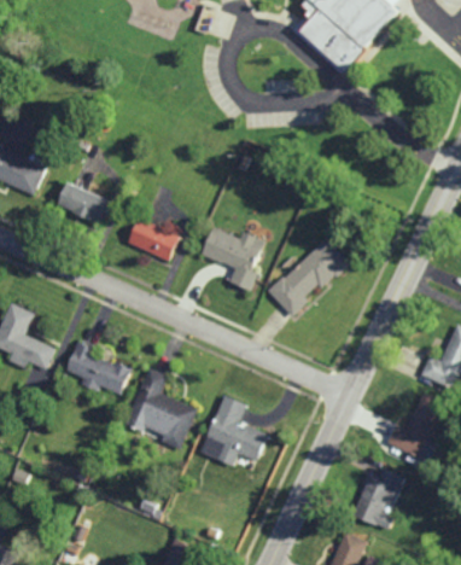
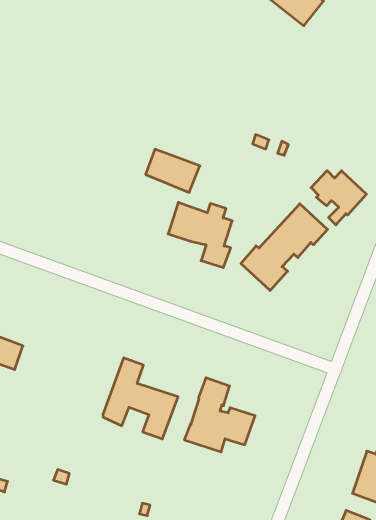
building: [58,182,110,223] -> none
building: none -> [311,171,366,225]
building: [127,219,179,262] -> [146,149,200,192]
building: [64,343,130,395] -> none

